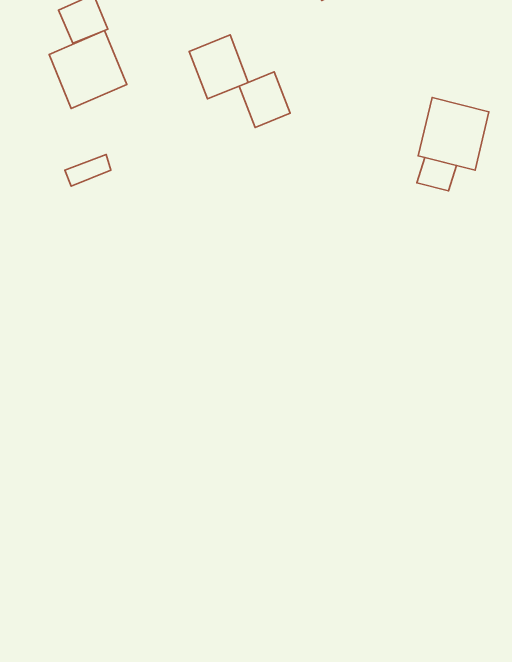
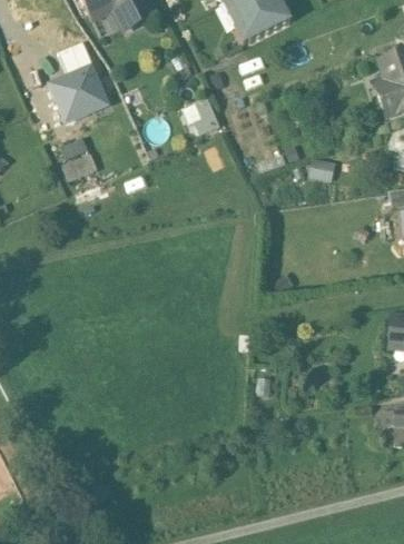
building: [189,35,248,99] -> none
building: [418,97,489,170] -> none

